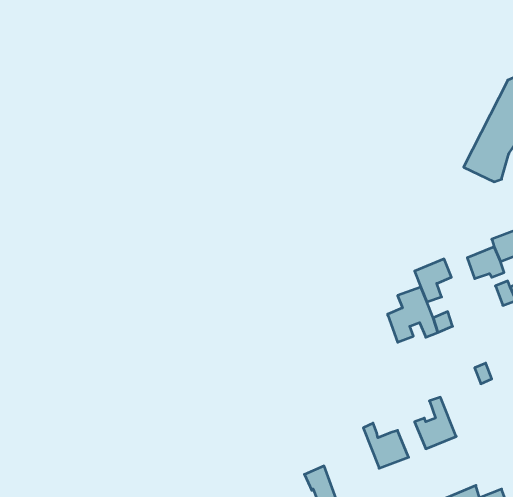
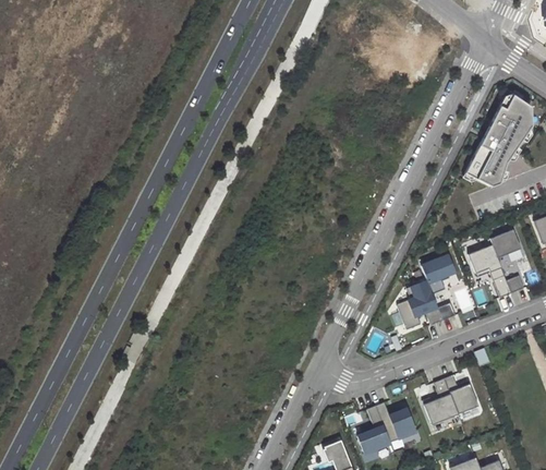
building: none -> [445,374,478,413]
building: none -> [357,406,391,454]

